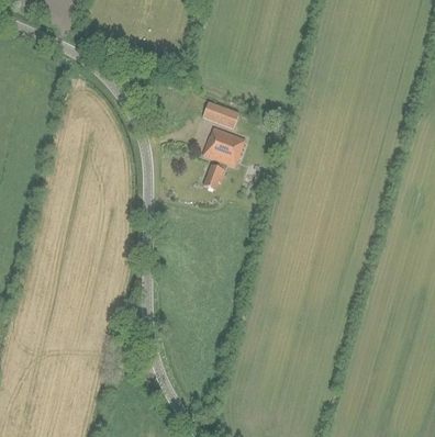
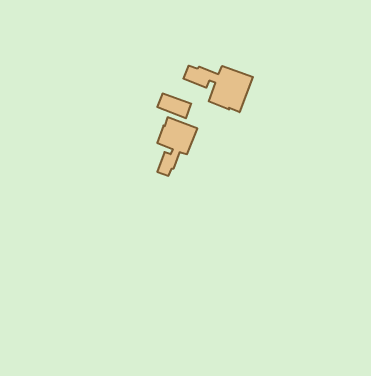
building: none -> [183,66,253,112]

